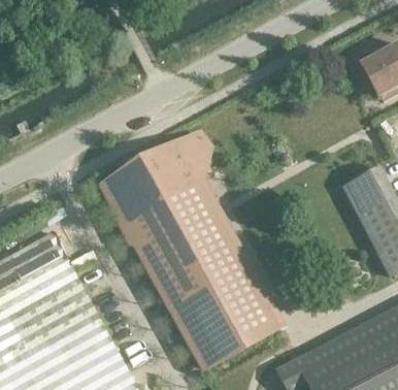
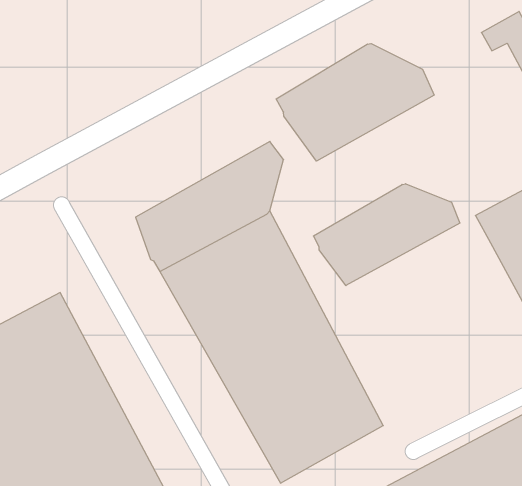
building: none -> [276,44,434,161]
building: none -> [313,184,460,286]

